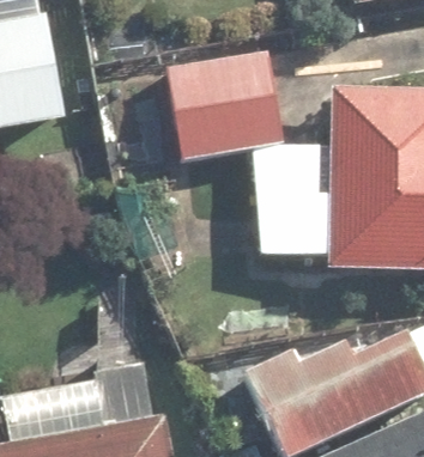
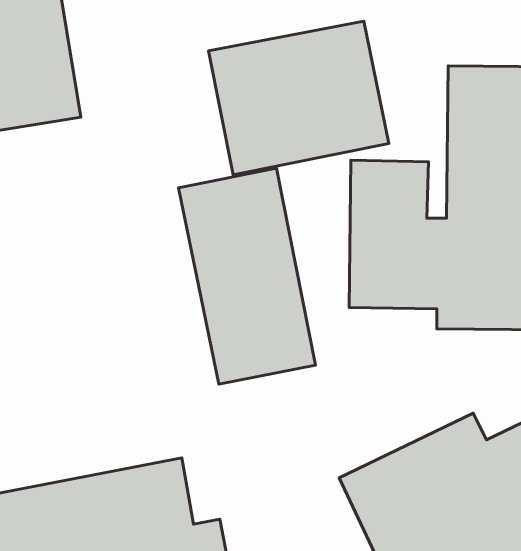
building: none -> [178,168,316,384]

